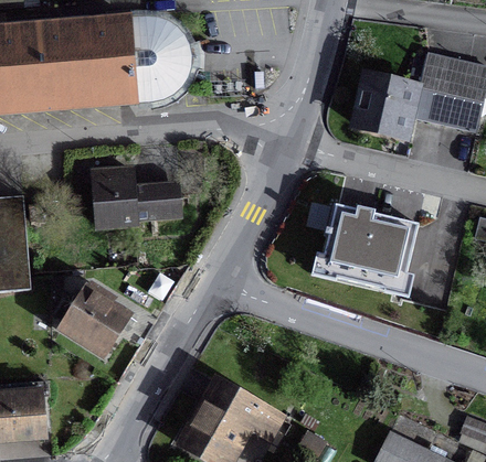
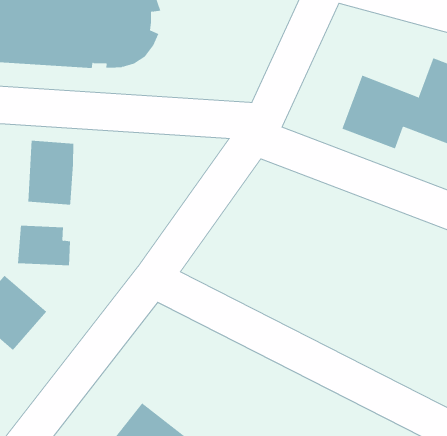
building: [131,183,179,219] -> [17,225,71,266]
building: [319,205,415,291] -> none

